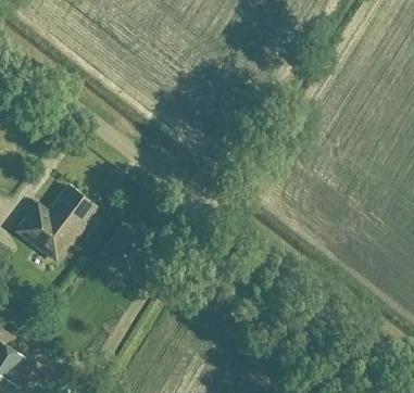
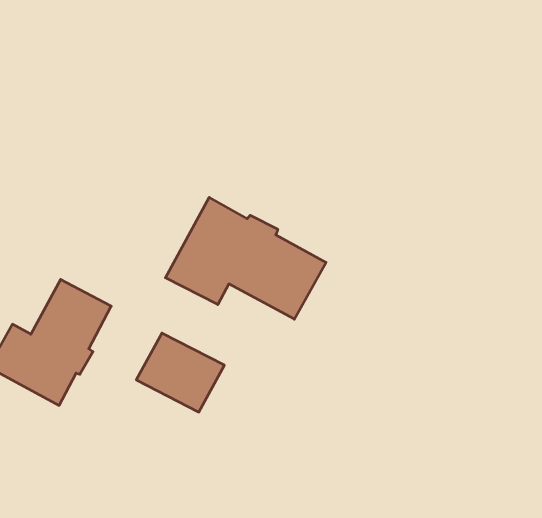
building: none -> [165,197,326,319]

